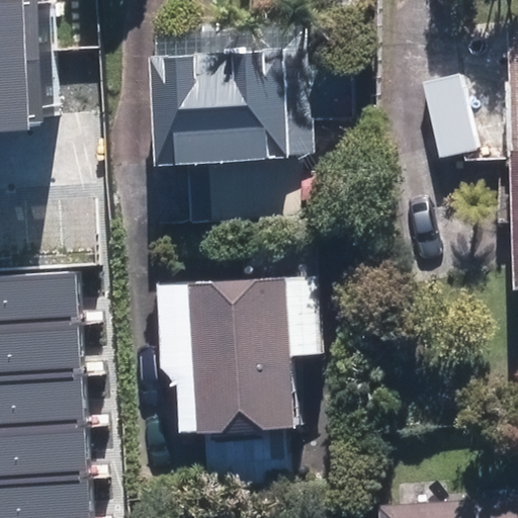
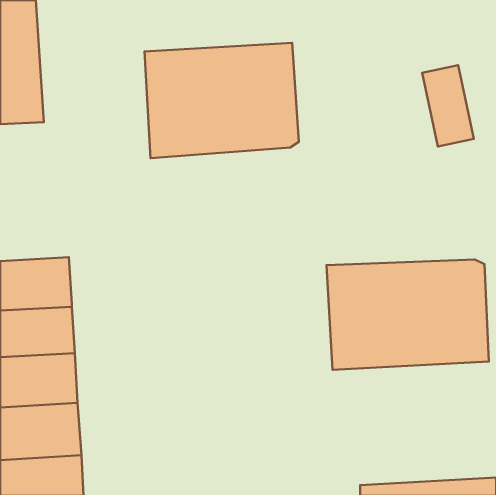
building: none -> [326,259,489,370]
building: [188,279,324,436] -> none

